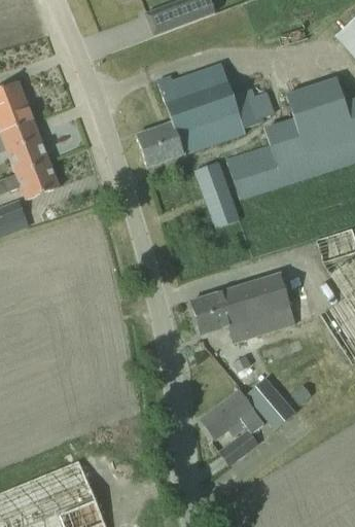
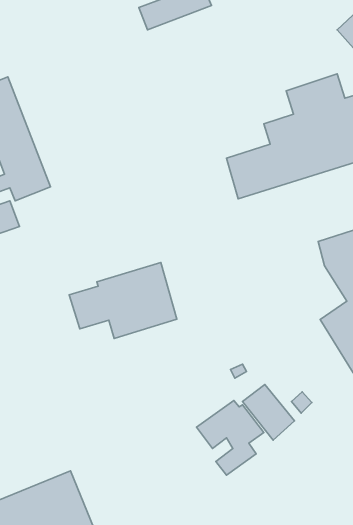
building: [136,66,273,168] -> none
building: [193,162,240,230] -> none
building: [190,271,294,344] -> [69,263,177,338]

